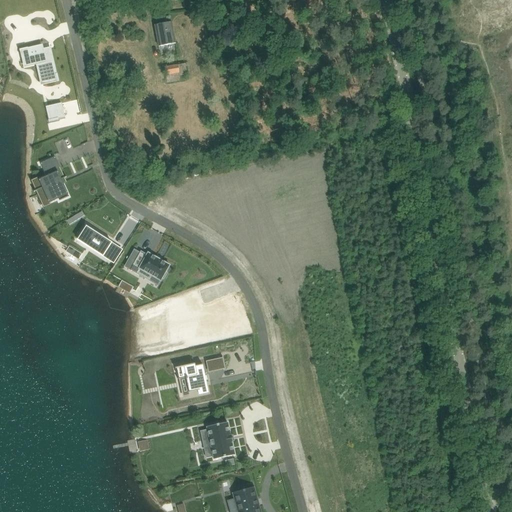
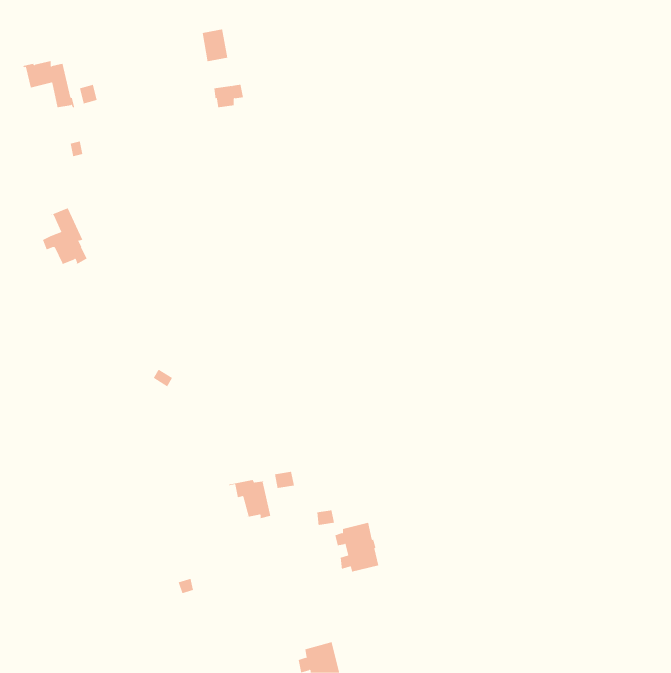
building: [78,224,112,254] -> none
building: [132,252,168,280] -> none
building: [199,422,233,460] -> [334,522,379,572]

